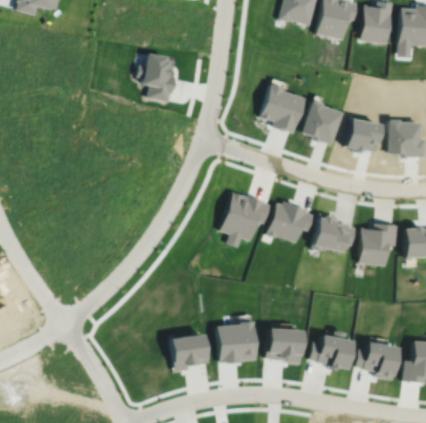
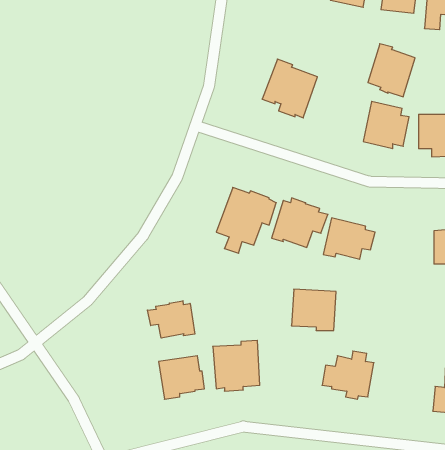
building: [136,53,173,101] -> none
building: [301,100,341,145] -> [368,44,415,97]
building: [359,224,398,266] -> none
building: none -> [147,301,195,338]
building: [266,328,304,363] -> [291,289,336,330]
building: [357,343,398,378] -> none

